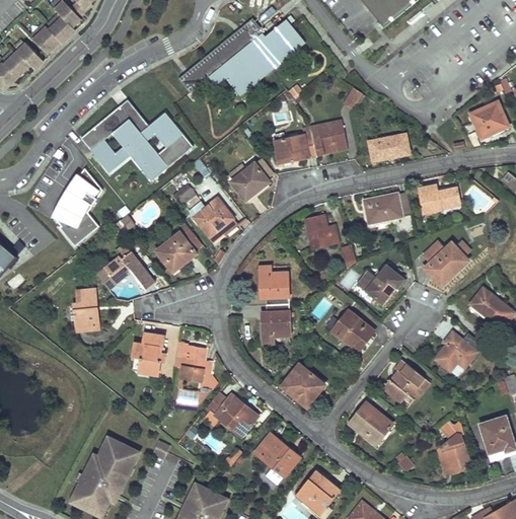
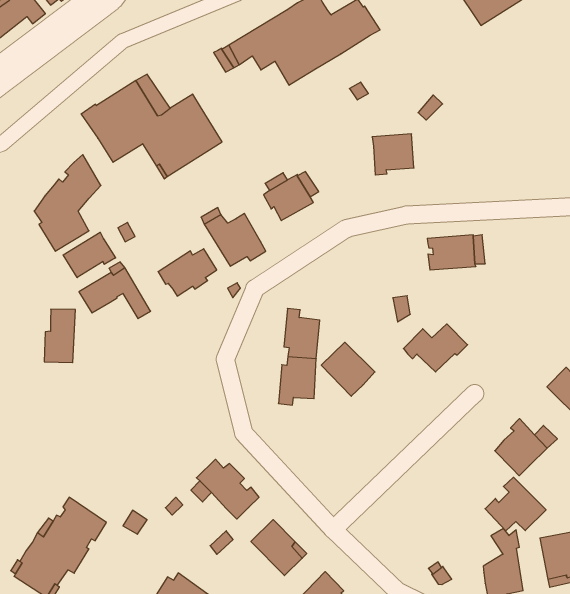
building: [275,133,316,162] -> none
building: [368,134,409,160] -> none
building: [420,184,460,212] -> none
building: [305,214,339,248] -> none
building: none -> [63,232,116,278]
building: [419,239,470,288] -> none
building: [331,310,374,352] -> [321,342,375,396]
building: [132,332,166,375] -> none
building: [173,342,215,410] -> none
building: [382,360,430,402] -> [485,477,546,531]
building: [281,364,324,404] -> none
building: [350,402,392,440] -> none

